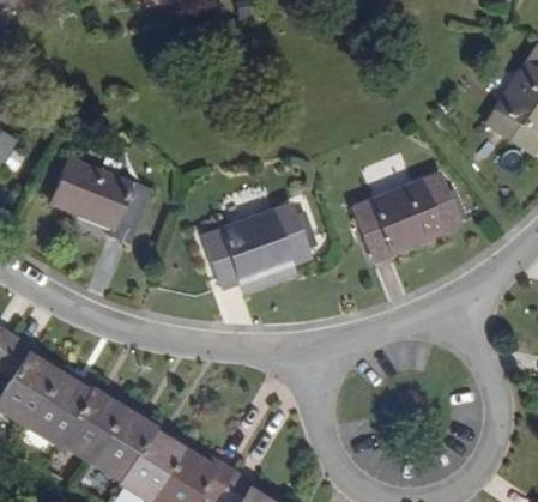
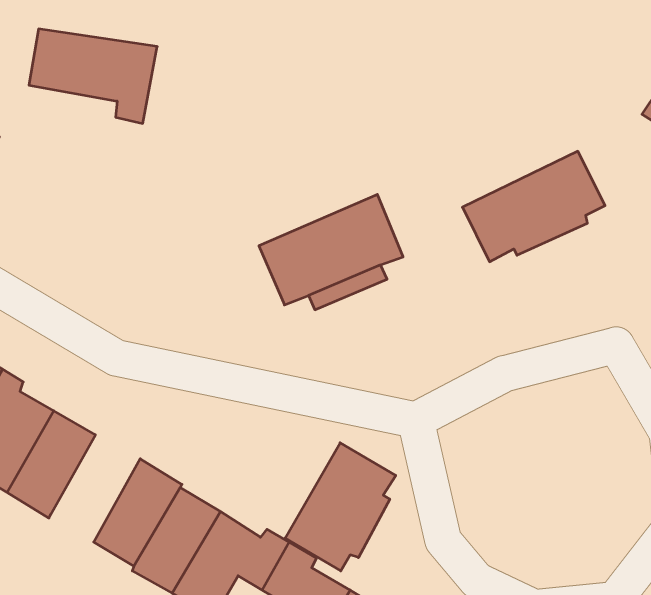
building: [69,181,165,252] -> [29,29,157,123]
building: [46,374,113,455] -> none
building: none -> [285,443,396,571]

